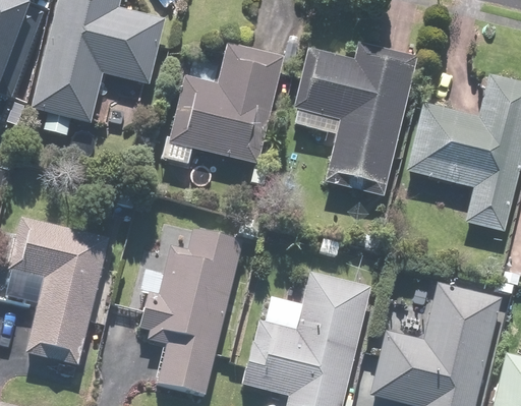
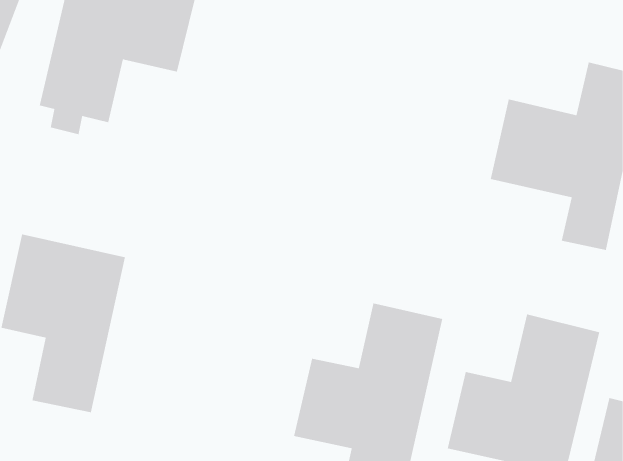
building: [162,42,282,164] -> none
building: [291,42,412,195] -> none
building: [143,230,242,394] -> none

